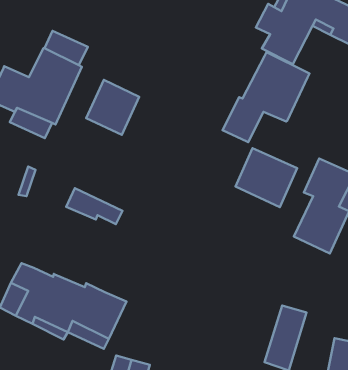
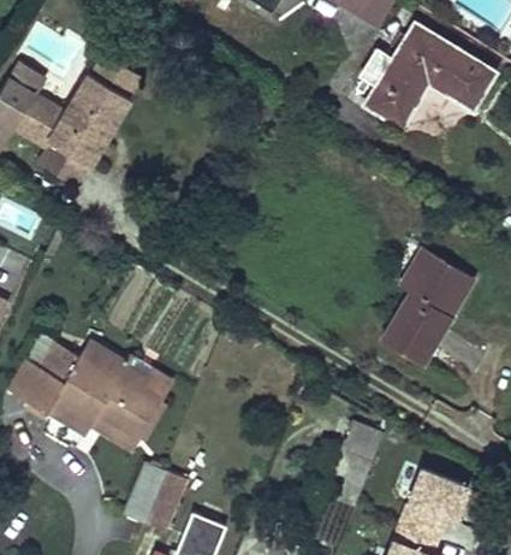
building: [222,52,309,142] -> none
building: [86,80,139,135] -> none
building: [236,148,297,207] -> none
building: [66,188,122,224] -> [82,333,150,383]

